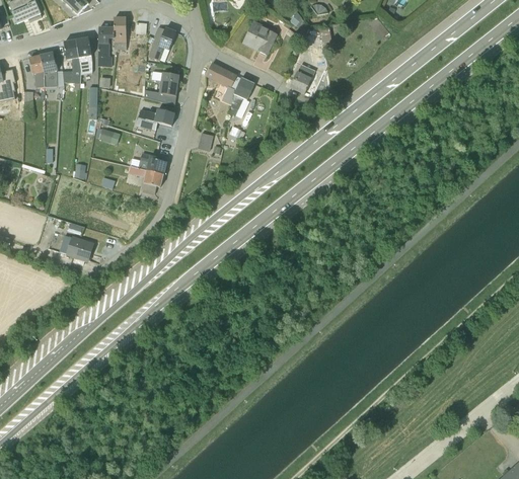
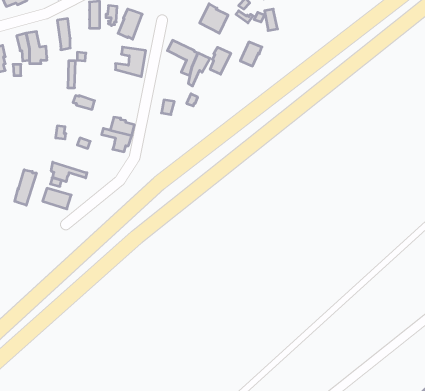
building: [98,27,114,66] -> none
building: [63,39,80,89] -> none
building: none -> [210,47,231,74]
building: [136,108,174,131] -> none
building: none -> [51,162,87,182]
building: none -> [15,170,36,205]

